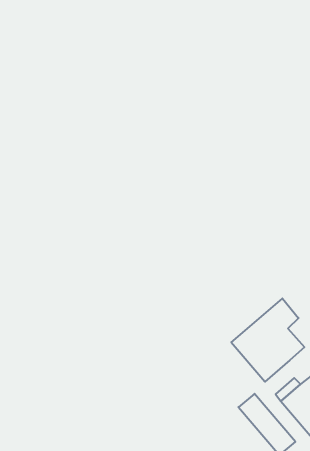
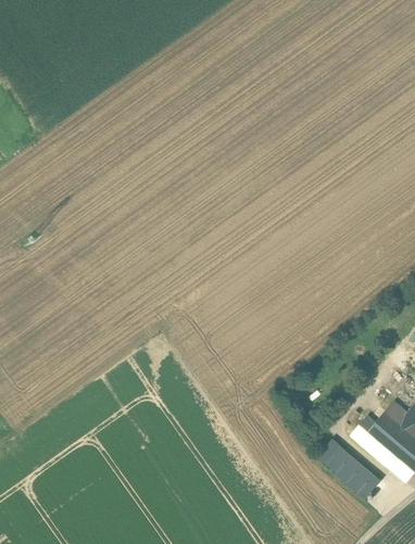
building: [231,298,304,382] -> none

